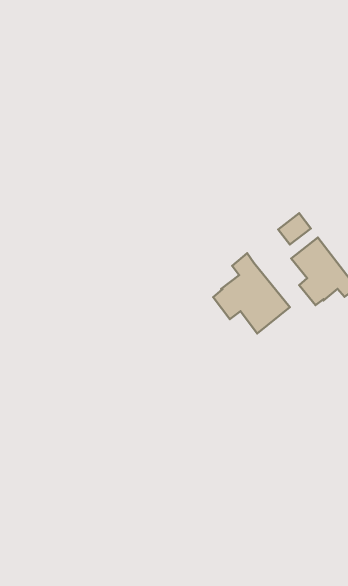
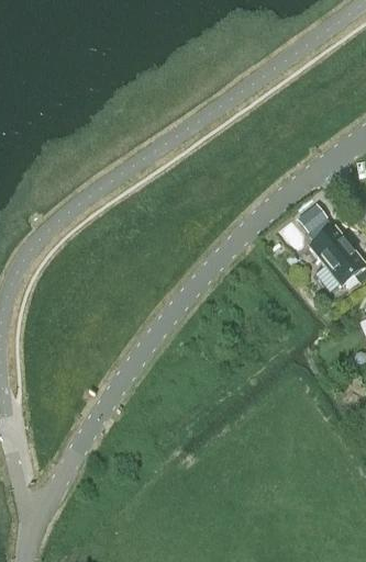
building: [213,253,290,333] -> none

